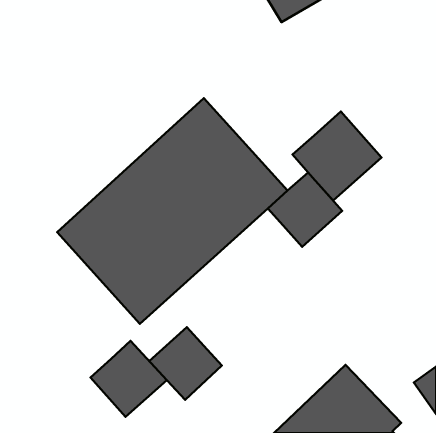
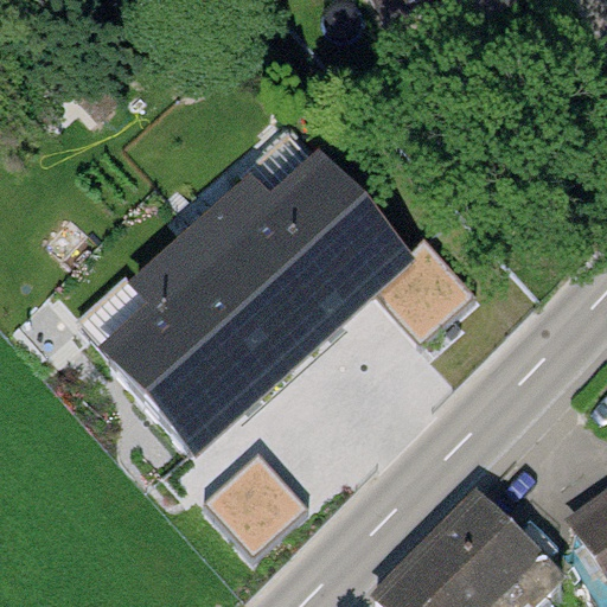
building: [293,112,381,200] -> none
building: [90,341,167,417] -> none

